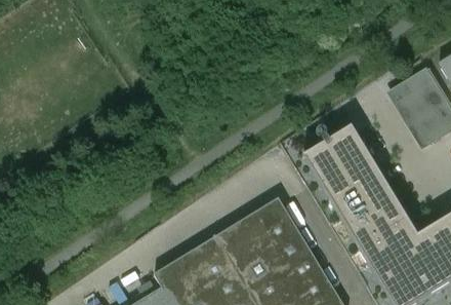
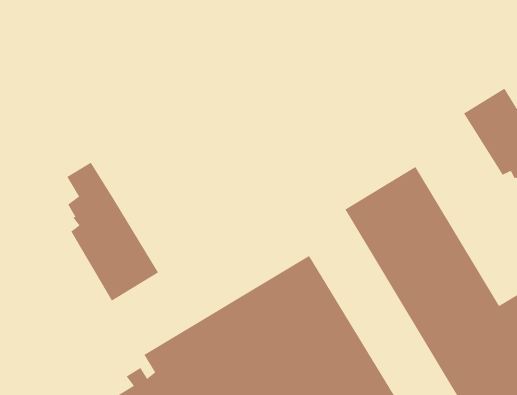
building: none -> [66,162,159,301]

